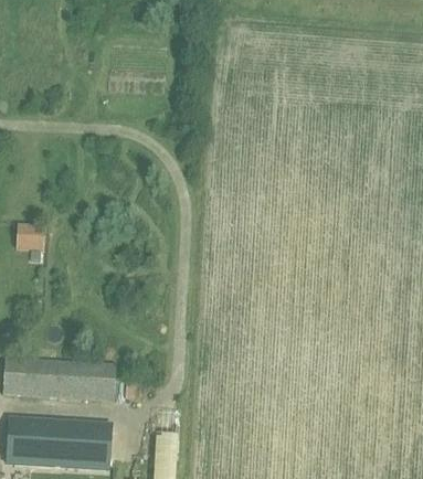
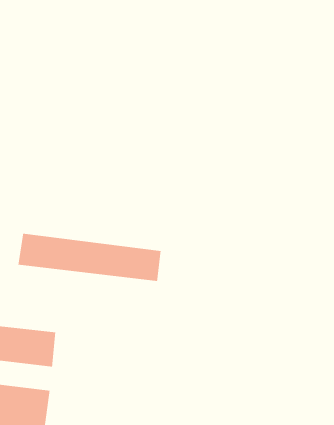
building: none -> [17,233,161,282]

